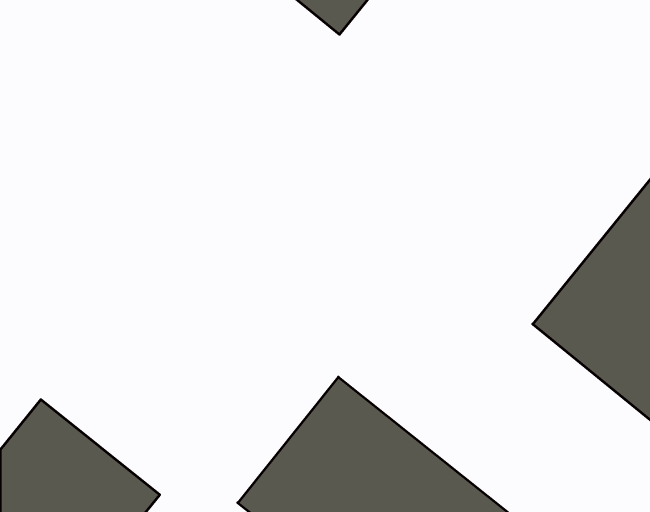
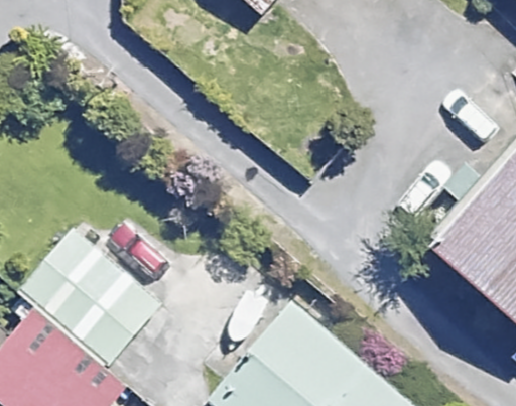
building: none -> [27,233,176,375]

